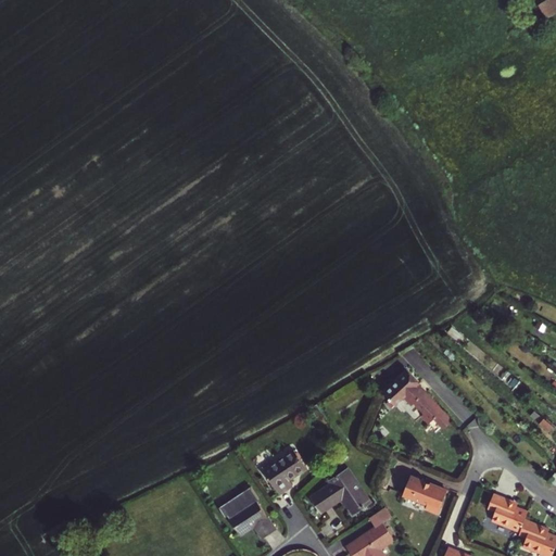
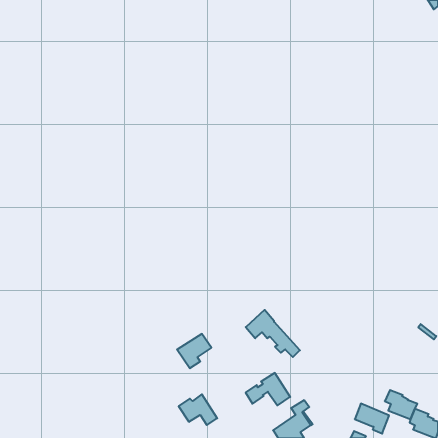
building: [382,370,451,430] -> [246,310,300,357]
building: [262,450,305,493] -> [177,334,211,368]
building: [402,476,445,514] -> [355,404,389,434]

